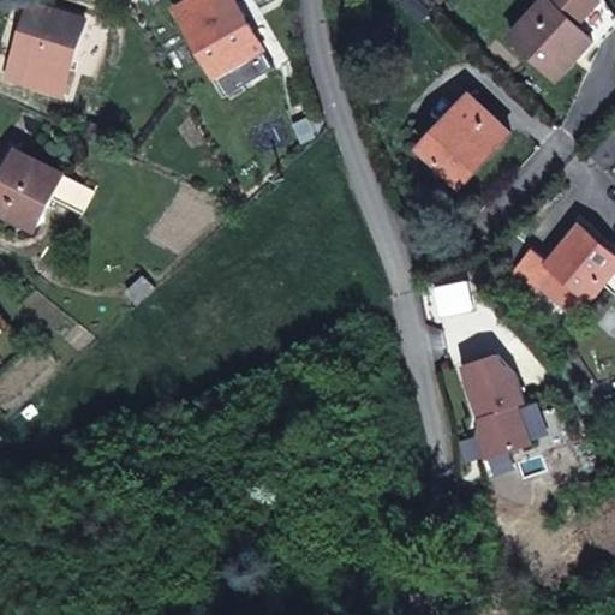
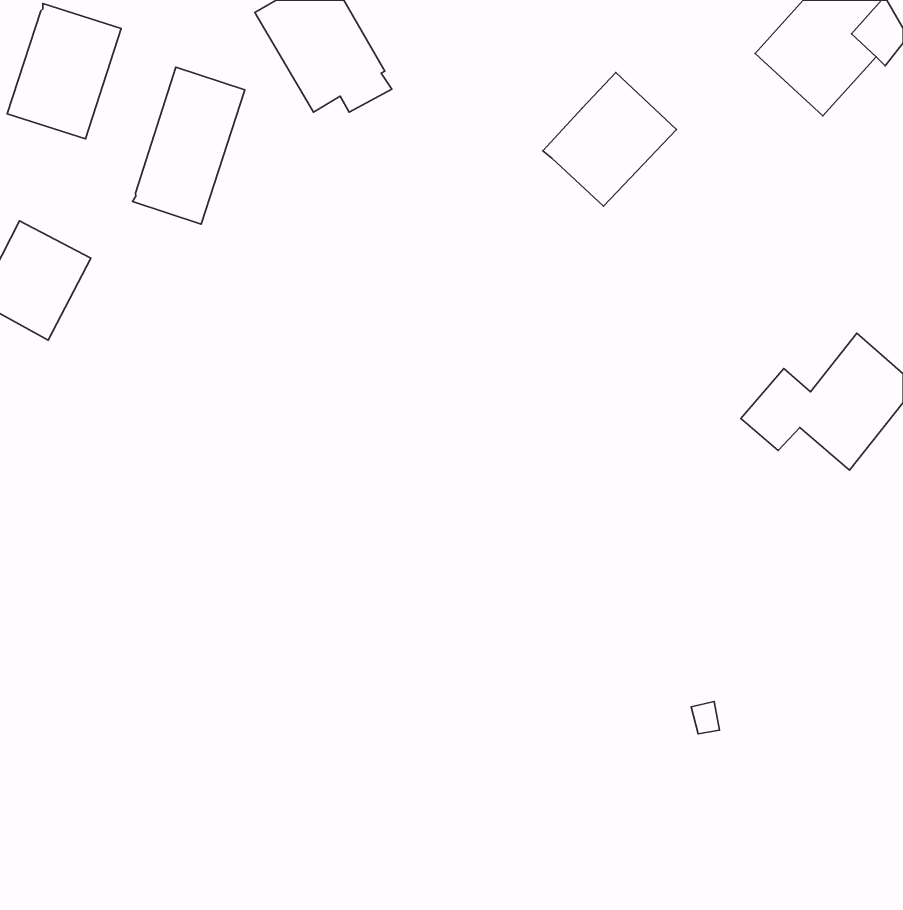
building: none -> [132,67,245,224]
building: [418,95,508,185] -> [543,73,677,206]
building: [465,353,530,458] -> none

